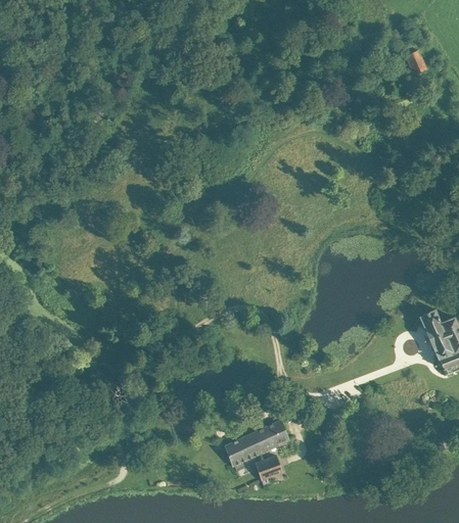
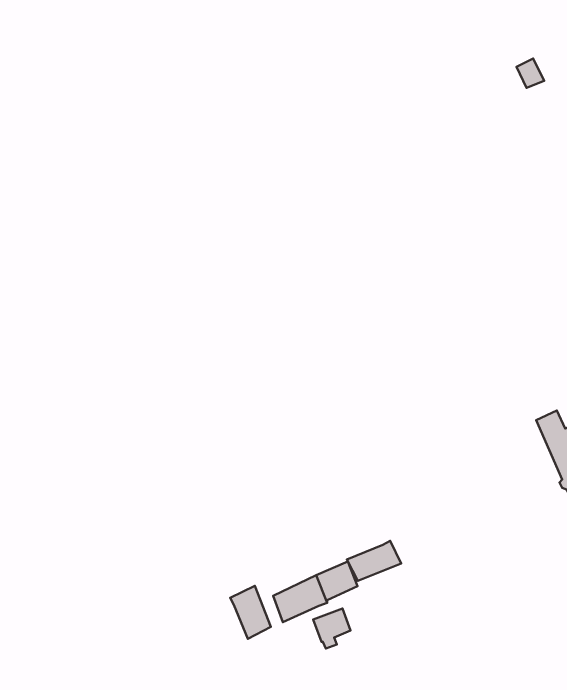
building: none -> [347,541,401,581]
building: none -> [230,586,271,639]

